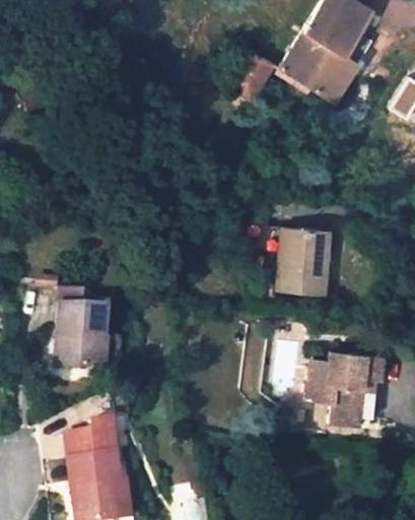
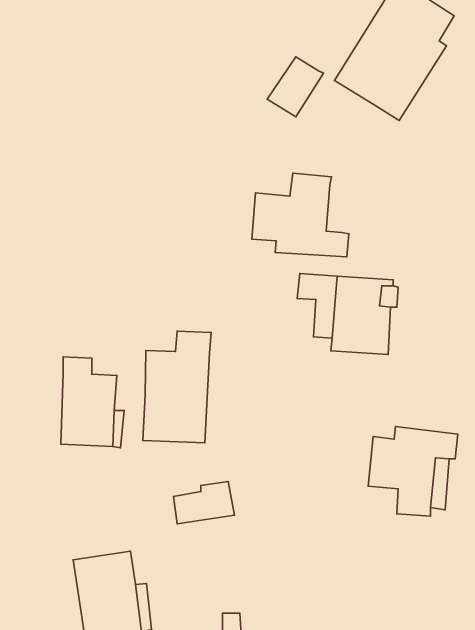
building: none -> [252,173,349,257]
building: none -> [143,331,211,443]
building: [65,427,115,461] -> [173,482,234,524]

